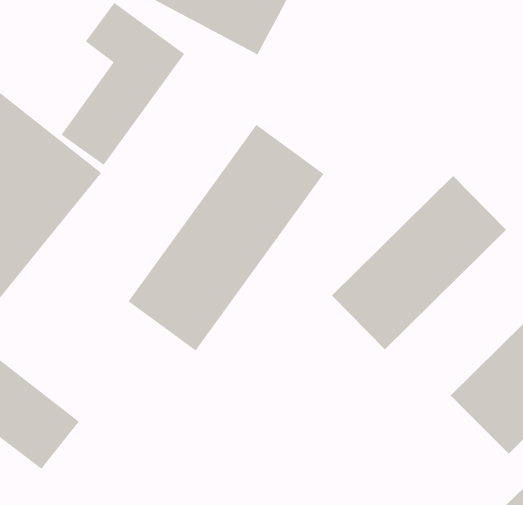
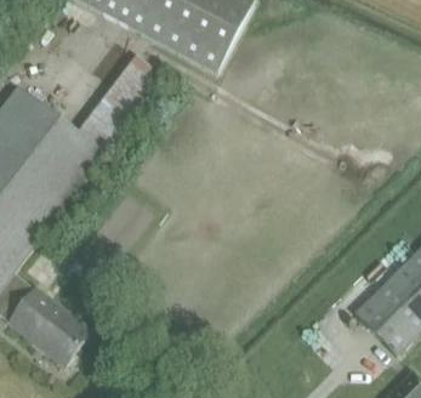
building: [128,124,324,351] -> none
building: [331,175,507,350] -> none

